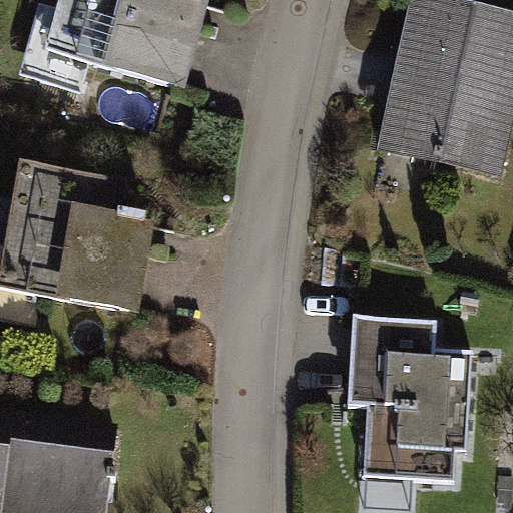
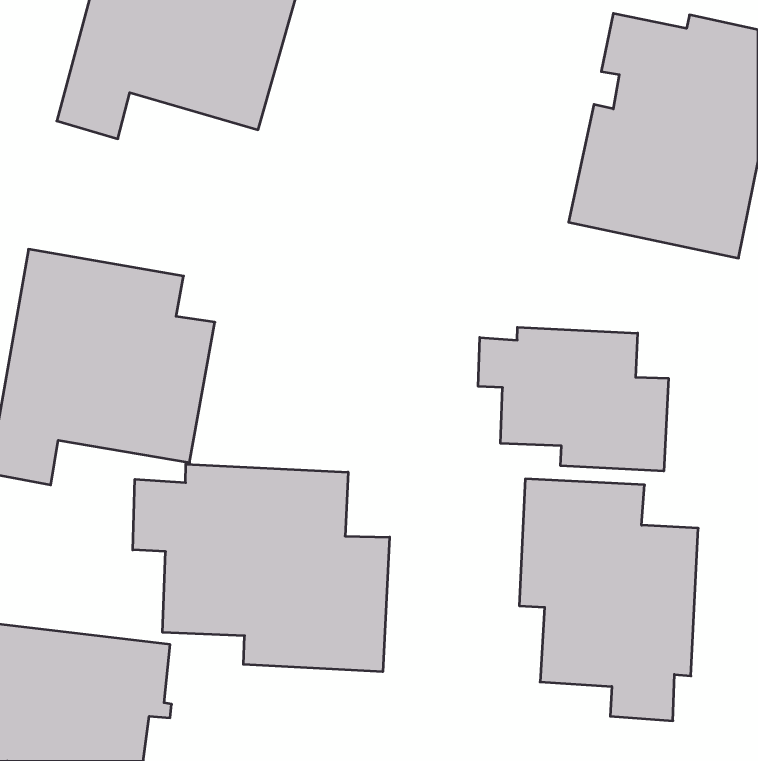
building: none -> [478,327,668,471]
building: none -> [133,464,390,672]

